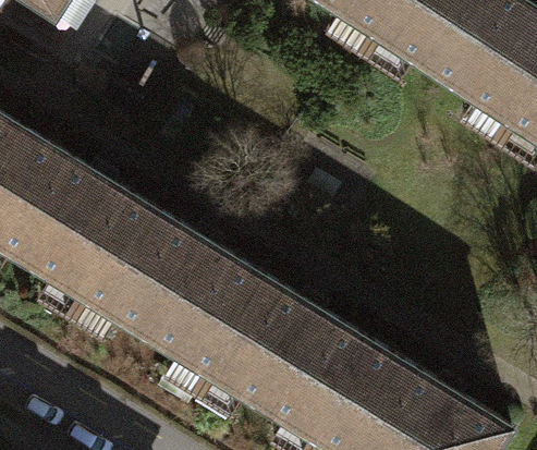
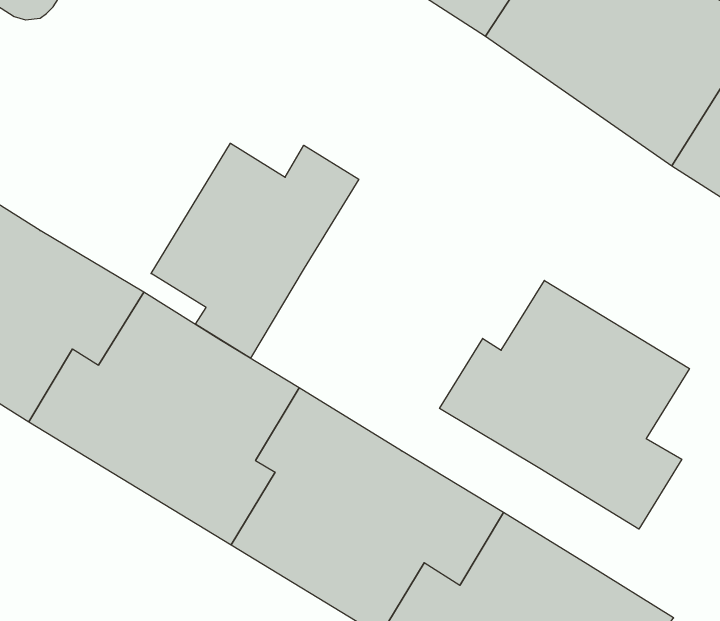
building: none -> [151,143,359,358]
building: none -> [440,280,689,529]

